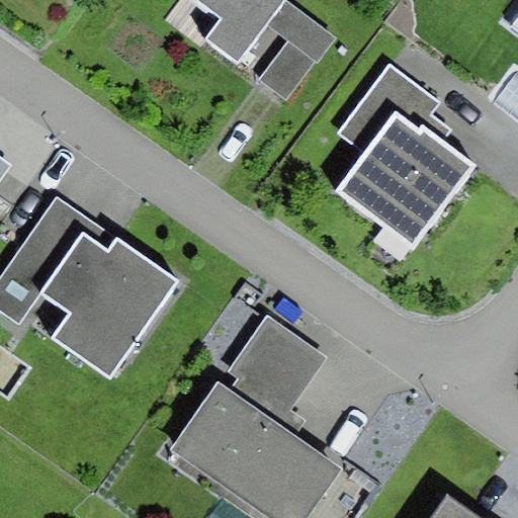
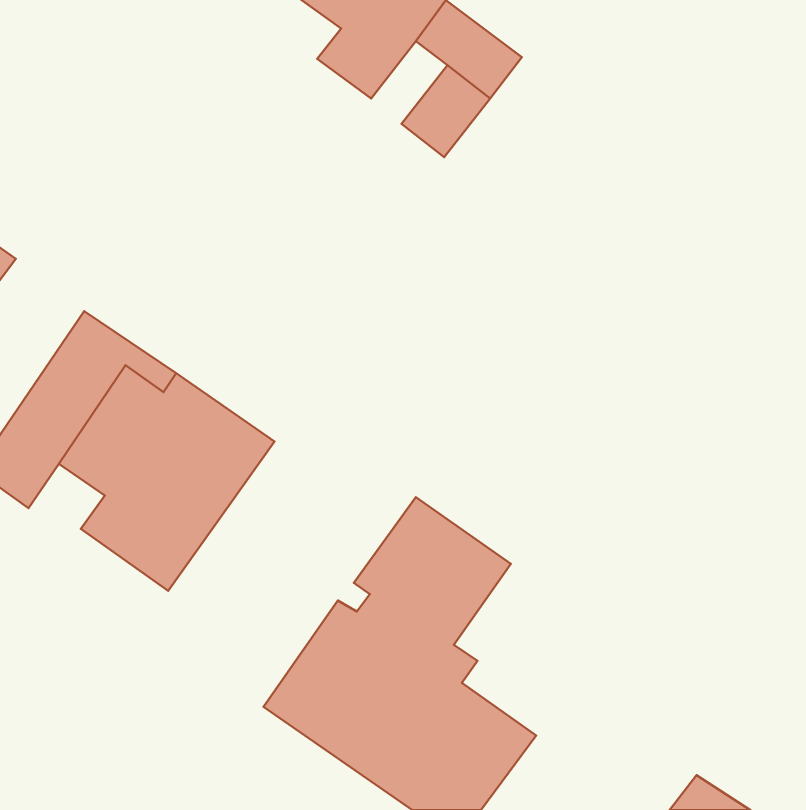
building: [334,65,476,250] -> none

